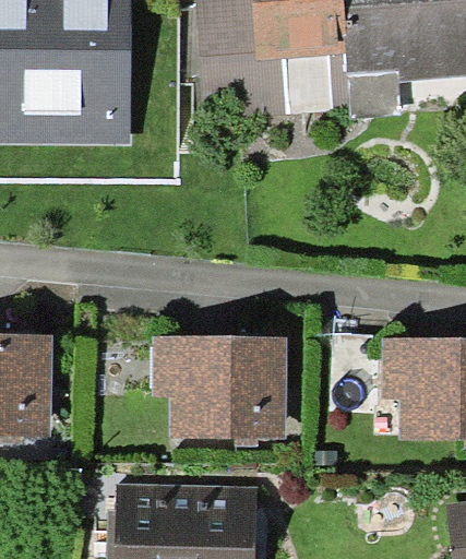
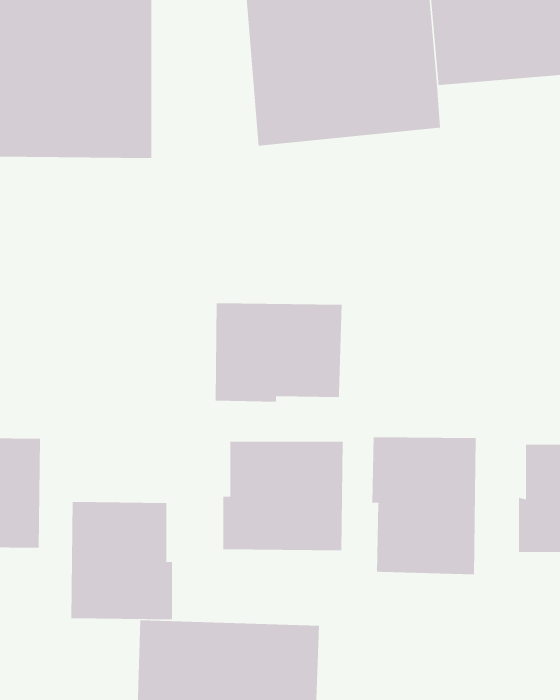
building: none -> [215,303,342,402]
building: none -> [372,436,476,575]
building: none -> [71,501,173,620]

